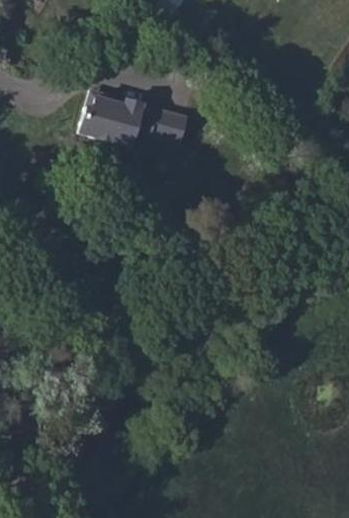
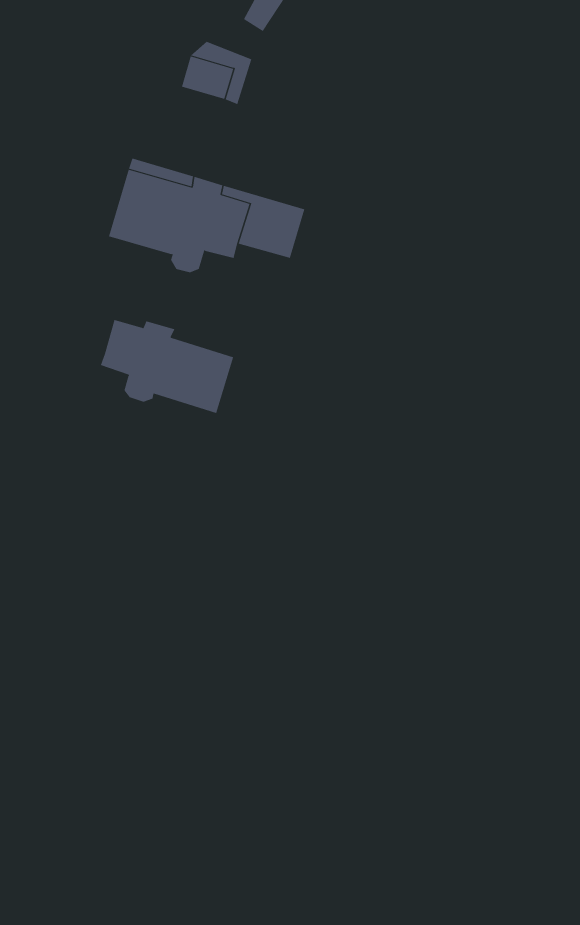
building: none -> [100,319,234,414]

